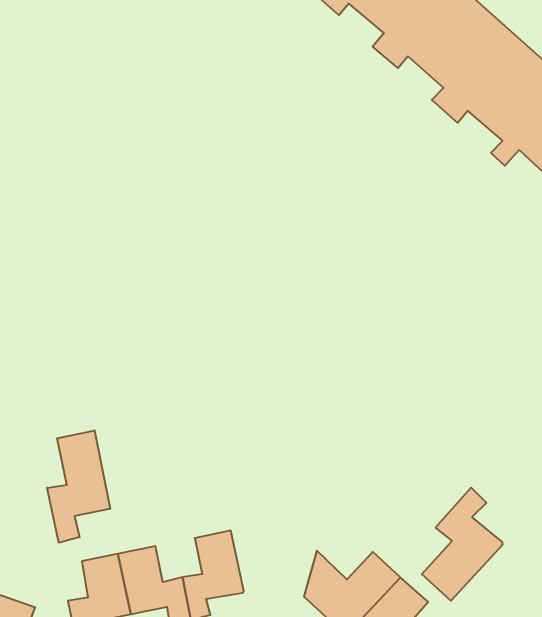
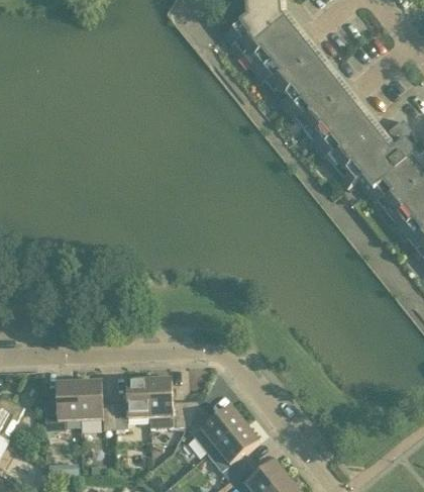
building: [47,430,110,543] -> none
building: [422,488,502,601] -> none
building: none -> [147,377,197,425]

